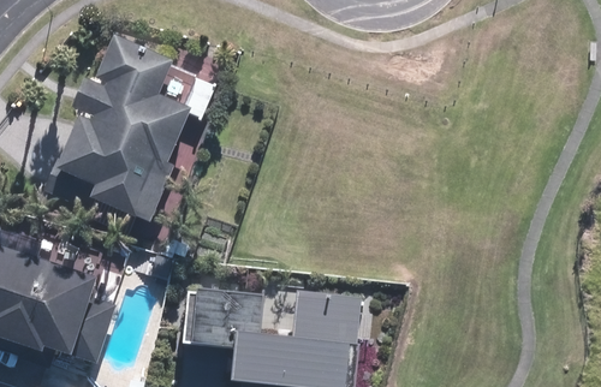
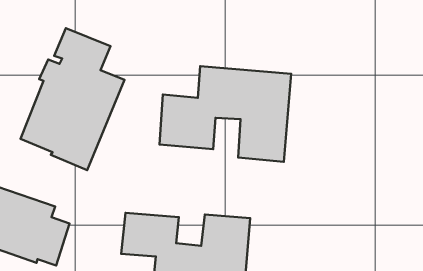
building: none -> [160,66,291,162]

